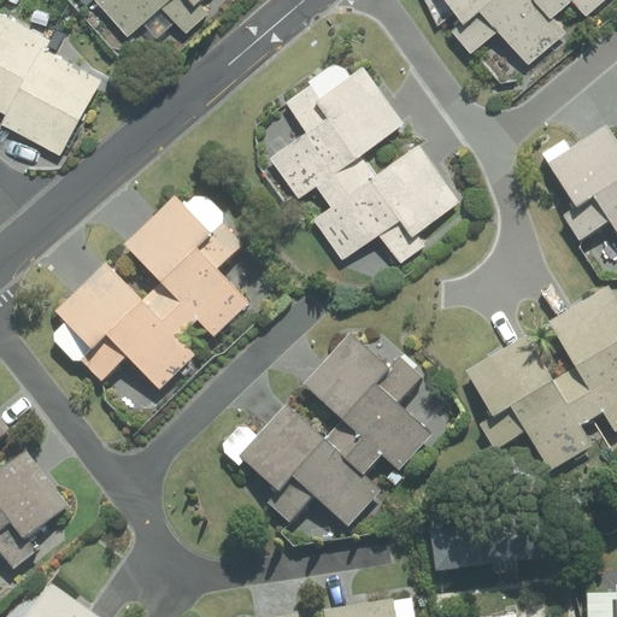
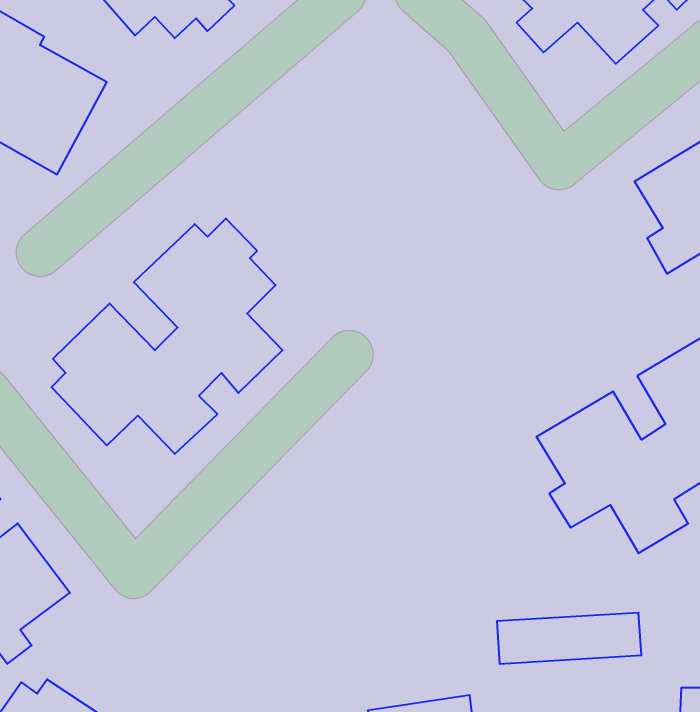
building: [268,59,460,262] -> none
building: [218,335,433,529] -> none

